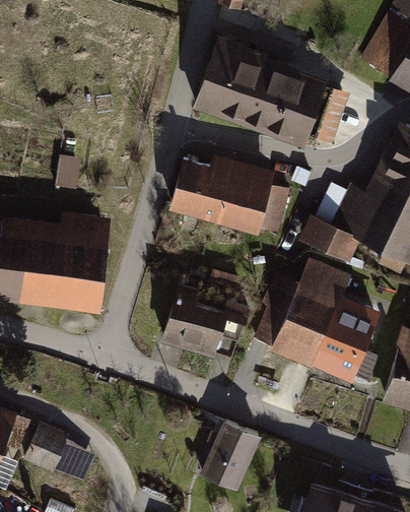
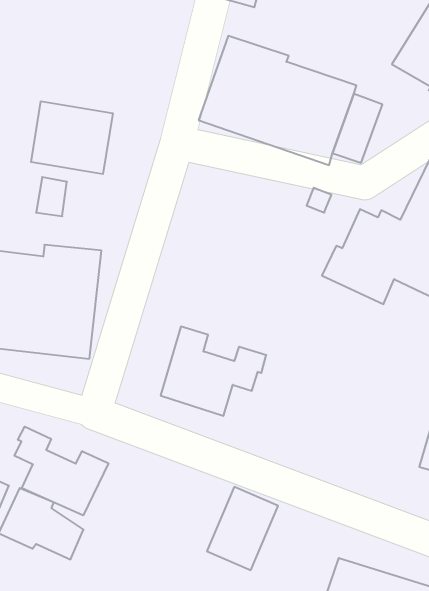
building: none -> [31,101,113,174]
building: [169,153,290,235] -> none
building: [255,259,383,383] -> none
building: none -> [15,427,108,515]

